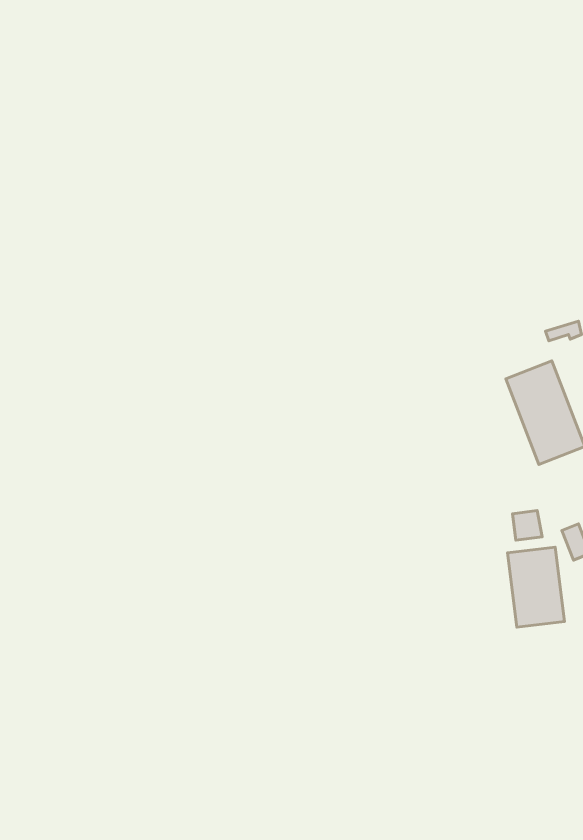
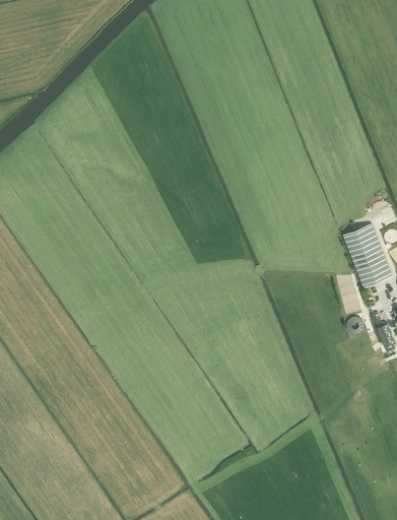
building: [507,547,564,627] -> none

